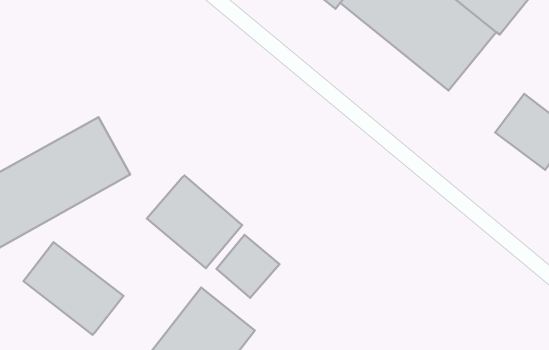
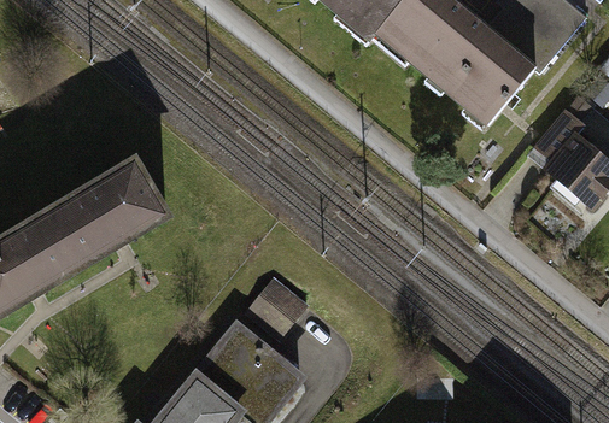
building: [147,175,242,268] -> none
building: [24,242,123,335] -> none

